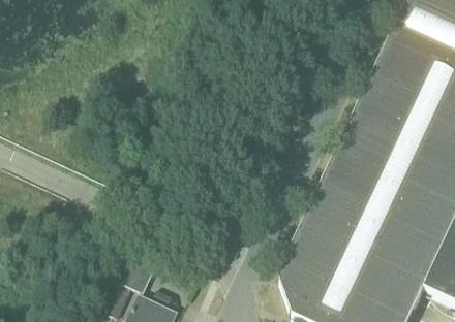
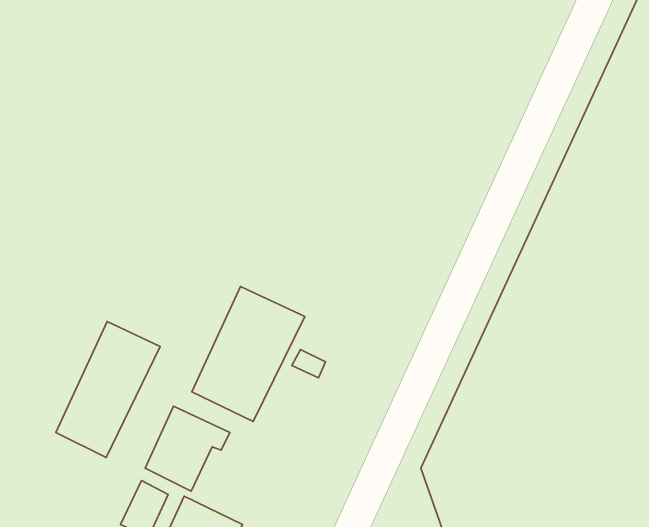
building: none -> [192,287,305,422]
building: none -> [56,322,160,458]

